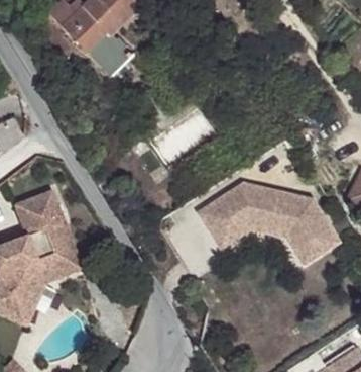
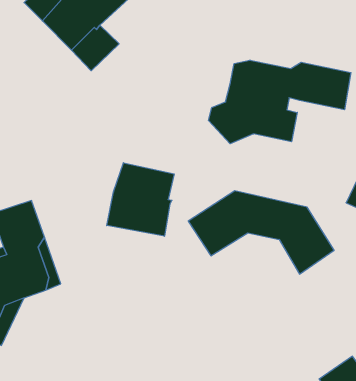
building: none -> [209,60,351,144]
building: none -> [107,163,174,236]

